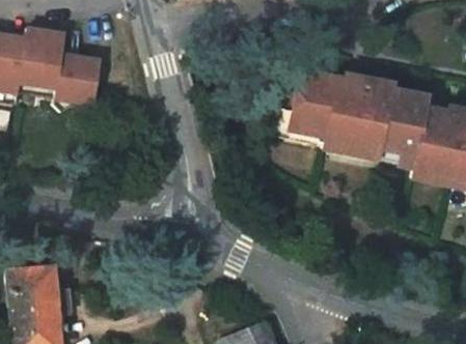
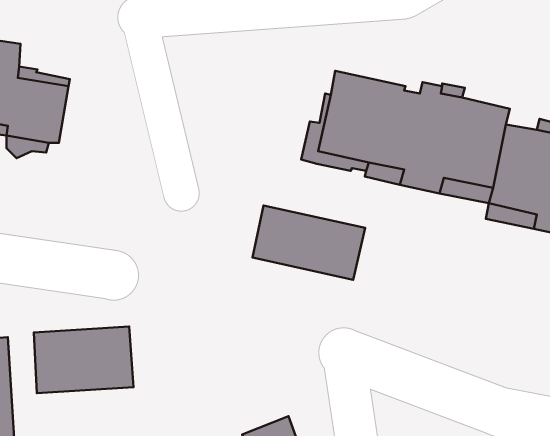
building: none -> [252,205,365,280]
building: none -> [34,327,134,393]

